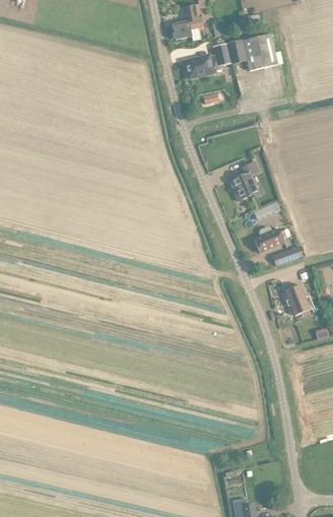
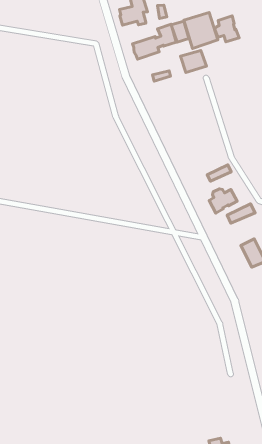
building: none -> [215,16,239,42]
building: none -> [181,50,206,73]
building: [227,161,259,200] -> none

